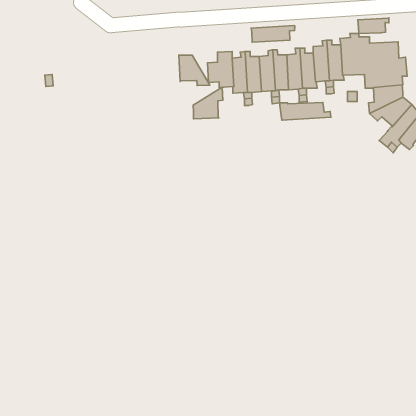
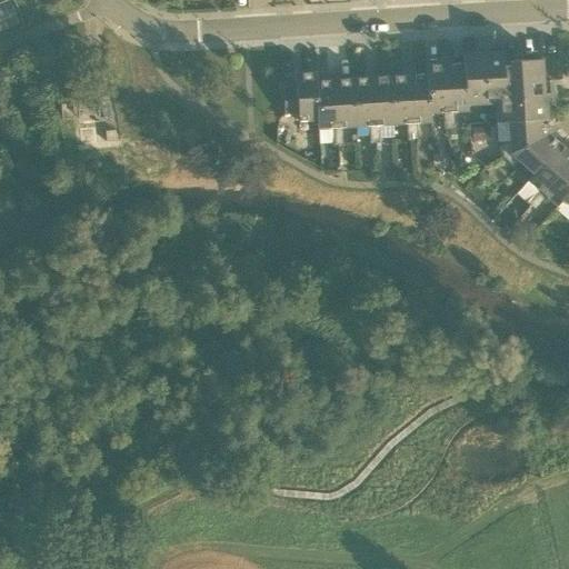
building: [358,18,389,34] -> none
building: [251,25,295,42] -> none
building: [179,55,210,86] -> none
building: [193,87,223,119] -> none
building: [280,103,331,120] -> none

